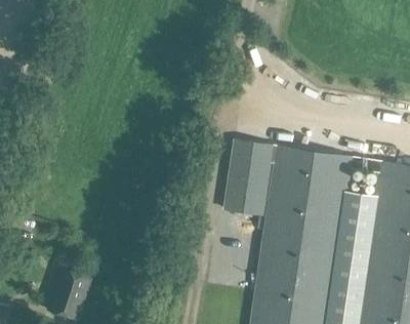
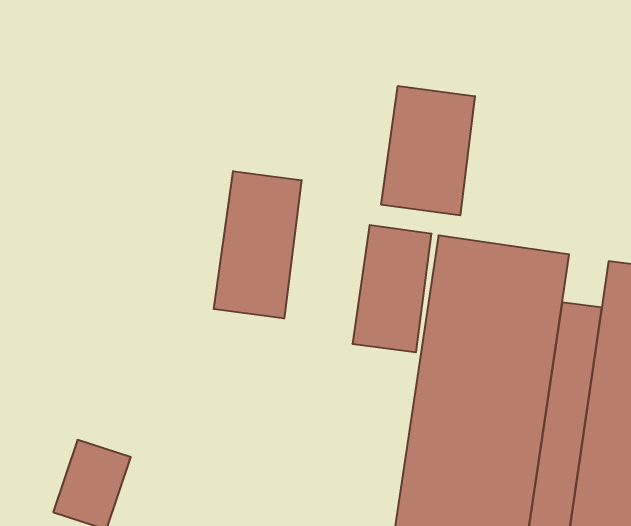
building: none -> [381,86,475,215]
building: none -> [214,171,302,319]

